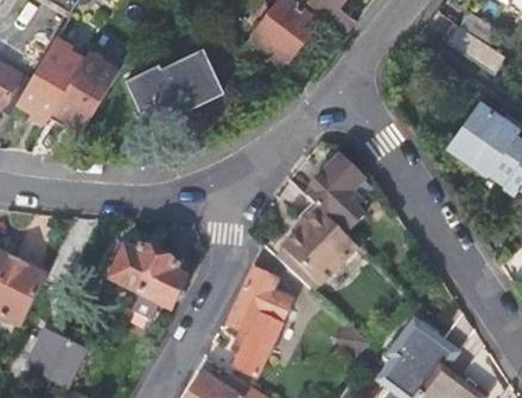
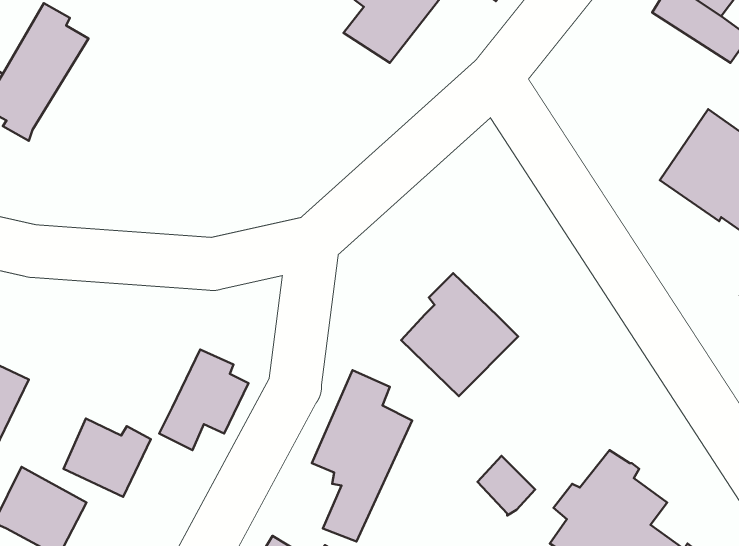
building: [127,50,222,116] -> none
building: [49,52,123,128] -> none
building: [306,156,363,235] -> none
building: [100,243,155,293] -> [63,419,151,497]

